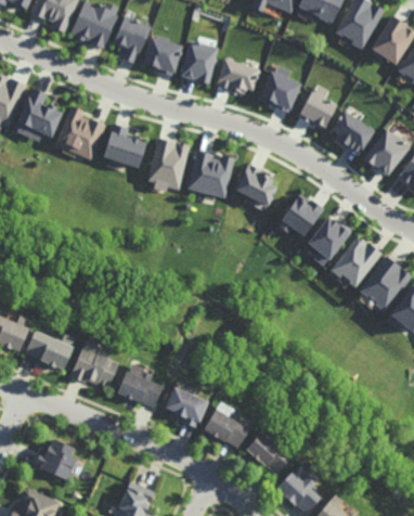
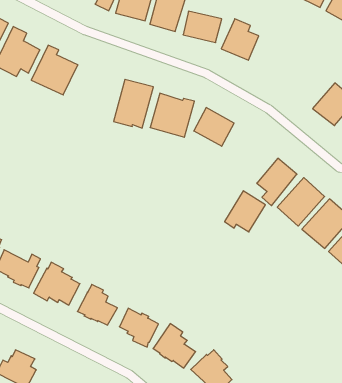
building: [299,82,336,130] -> none
building: [329,112,374,152] -> none
building: [103,122,146,168] -> none
building: [279,192,322,236] -> [225,191,265,232]

